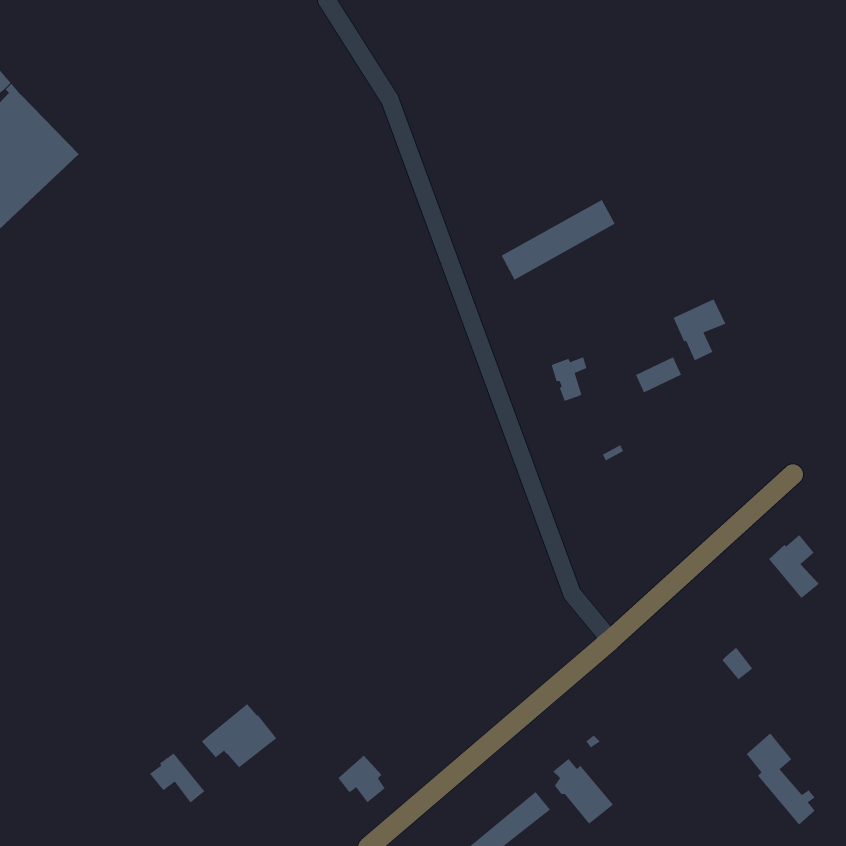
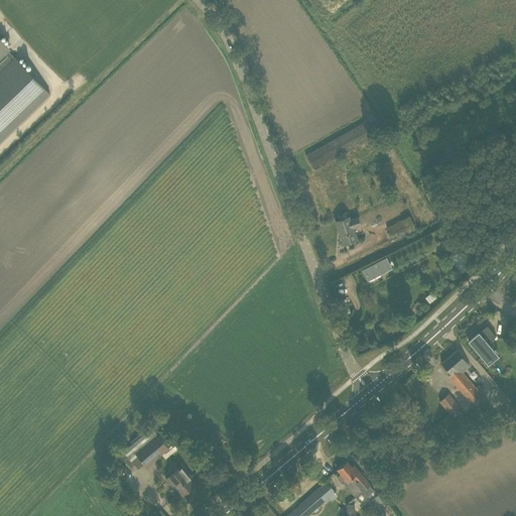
building: [673,298,726,361] -> none
building: [746,733,815,826] -> [440,351,483,407]
building: [149,753,205,804] -> none
building: [337,755,386,803] -> [163,466,192,495]

